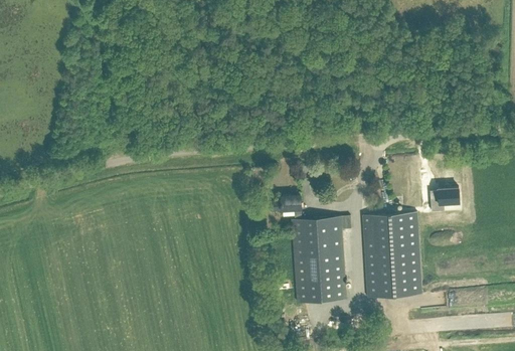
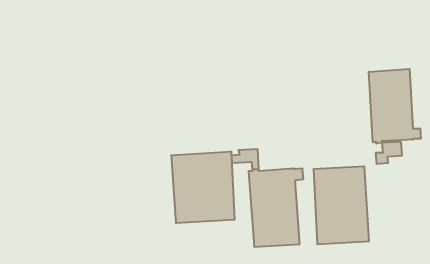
building: none -> [369,69,421,144]
building: none -> [172,151,235,223]

